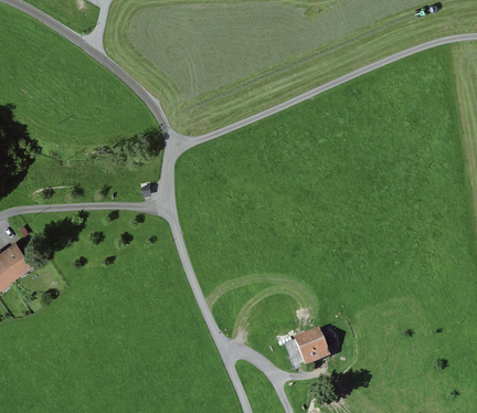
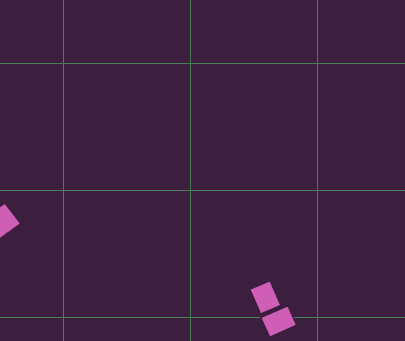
building: none -> [261,306,297,337]

